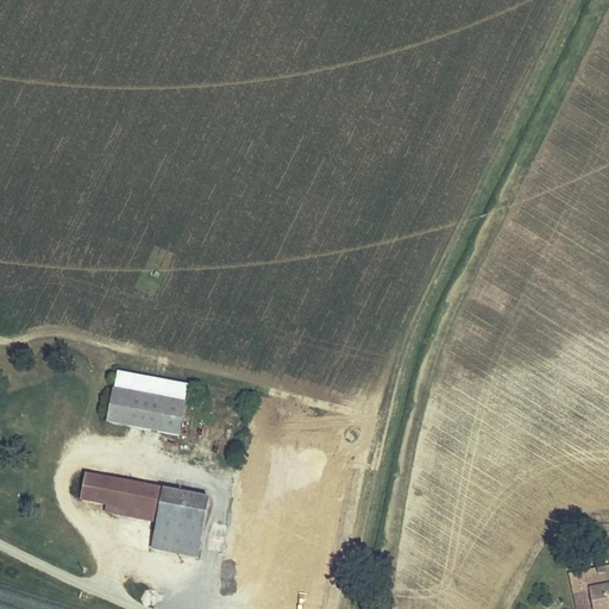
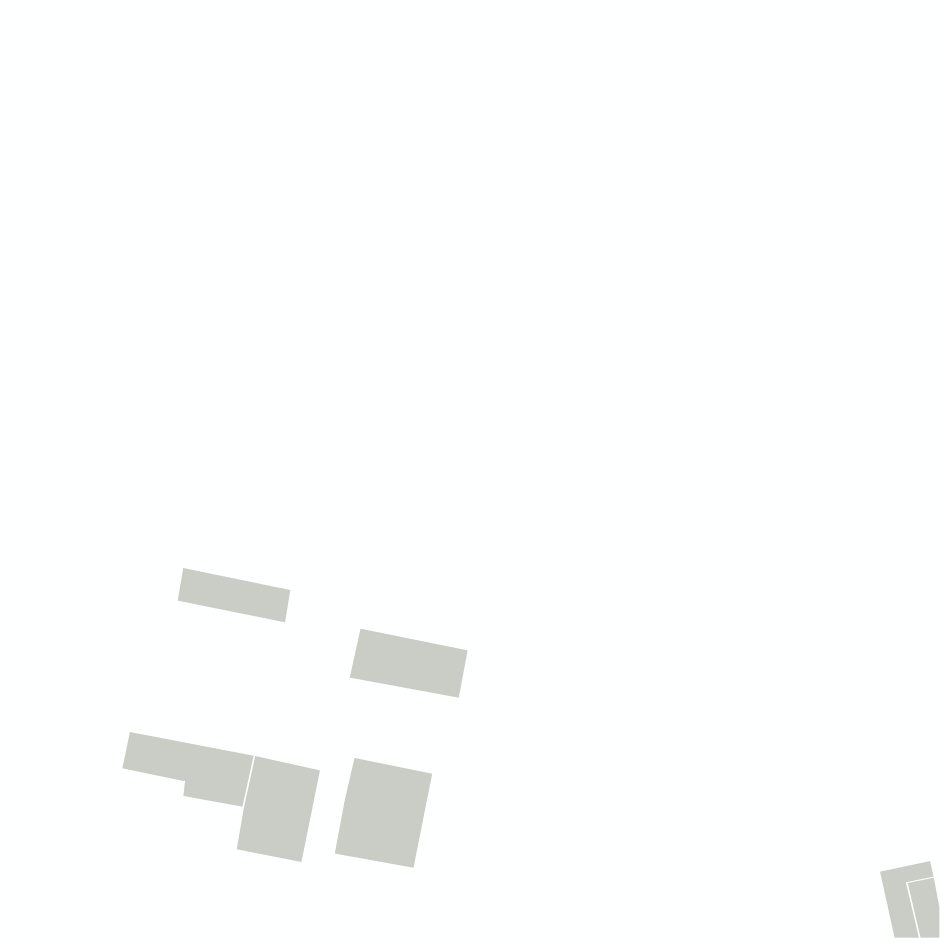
building: [107,388,184,433] -> [349,628,469,698]
building: none -> [334,757,433,868]

